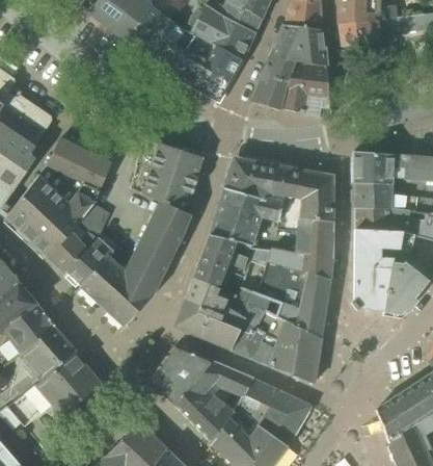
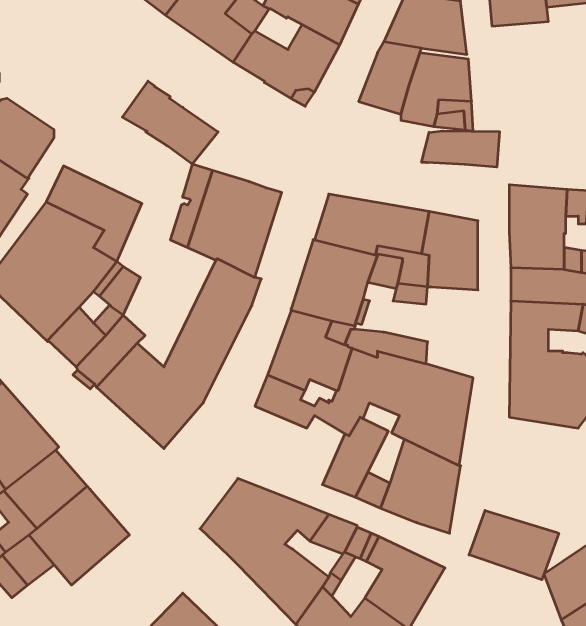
building: none -> [122,81,218,164]
building: none -> [422,131,499,167]
building: [299,218,333,279] -> none
building: [173,297,246,350] -> none
building: none -> [469,510,559,580]

